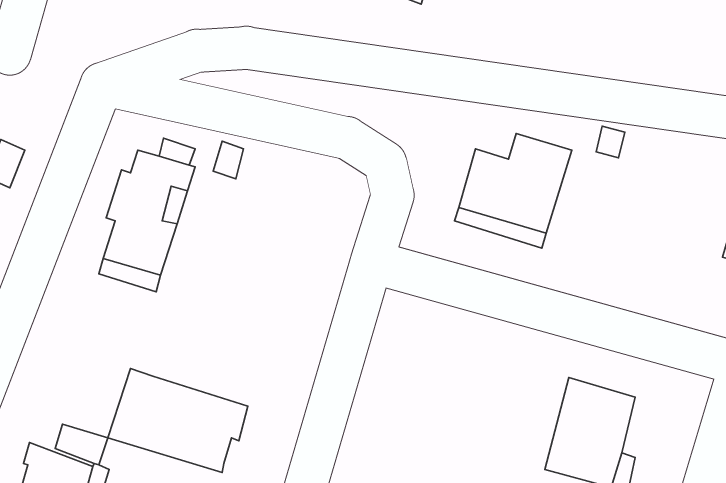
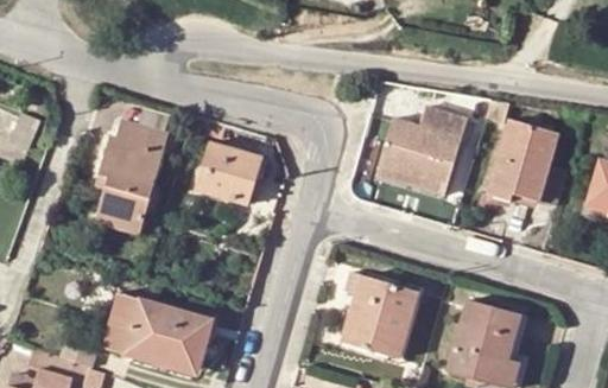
building: none -> [488,122,565,208]
building: none -> [196,144,262,206]
building: none -> [340,273,417,360]

